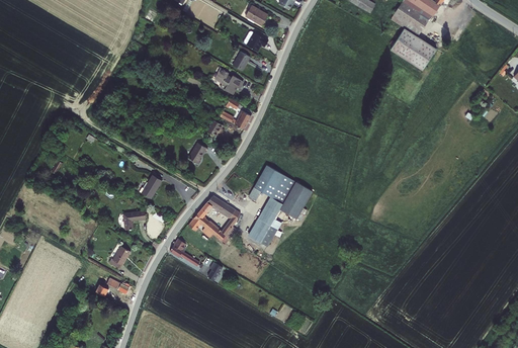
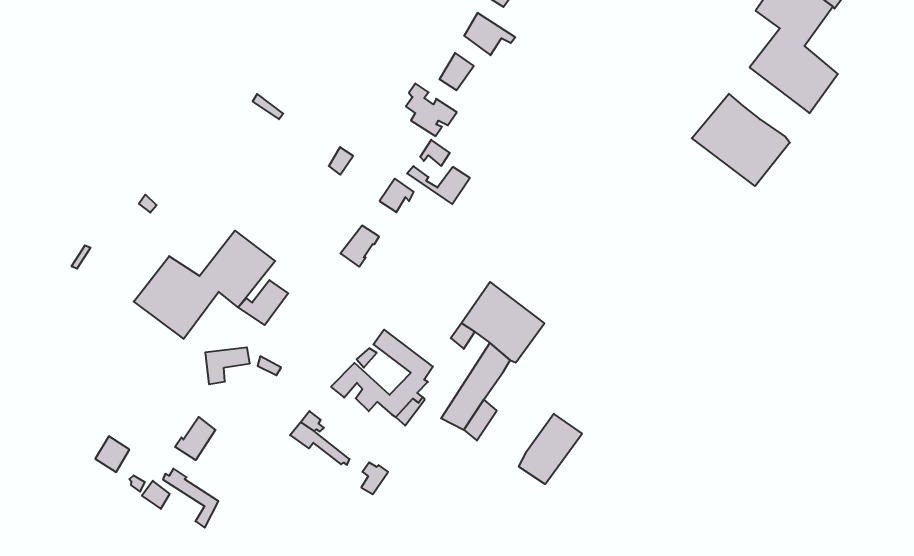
building: none -> [692,94,790,186]
building: none -> [134,231,275,339]
building: [279,186,311,223] -> [519,414,582,484]

